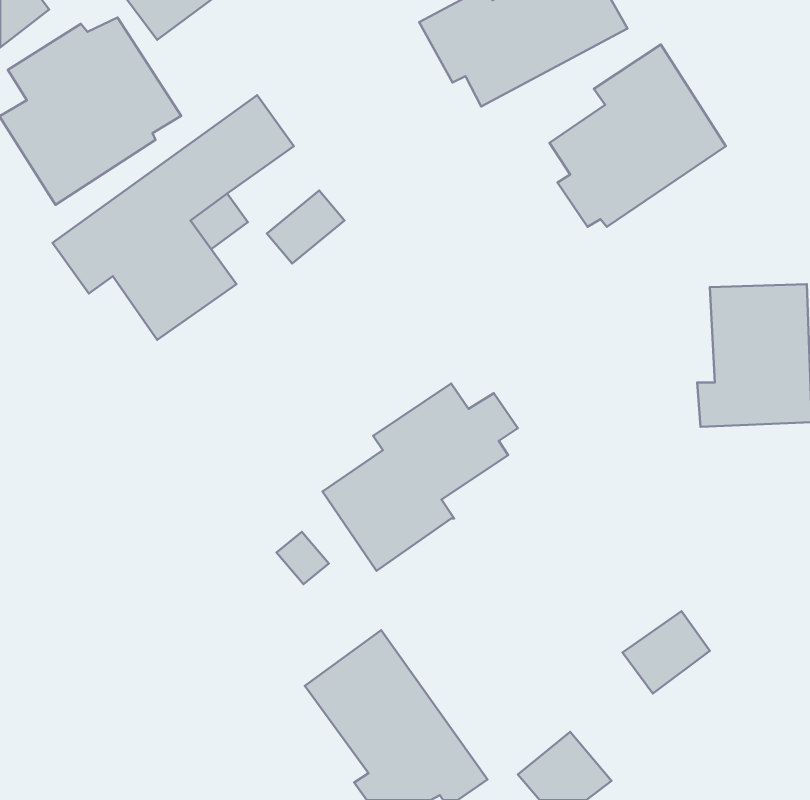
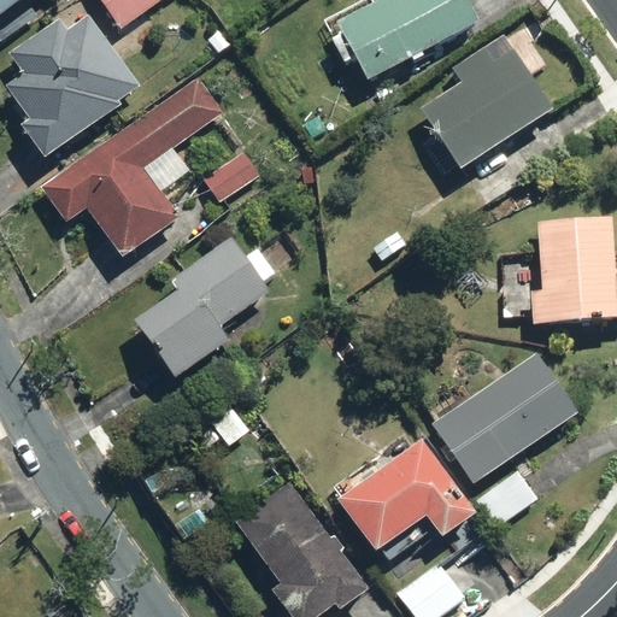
building: [322,384,518,571] -> [133,237,281,380]
building: none -> [430,347,581,484]
building: none -> [335,436,477,554]

